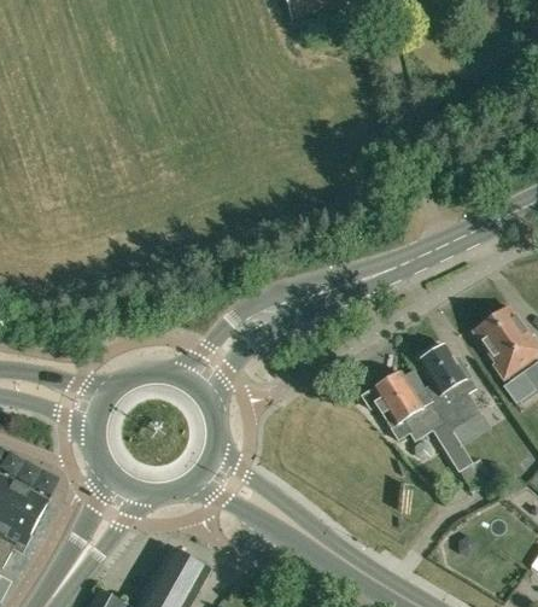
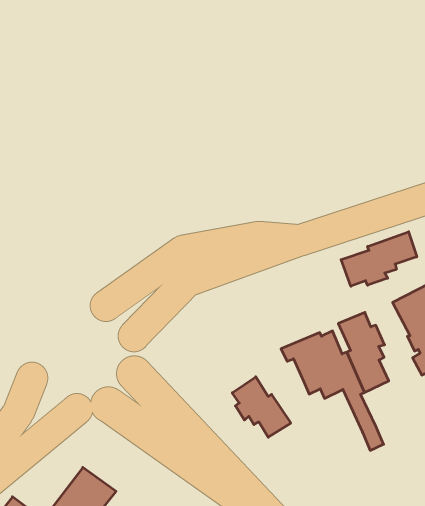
building: none -> [341,232,417,286]
building: none -> [232,377,291,437]

